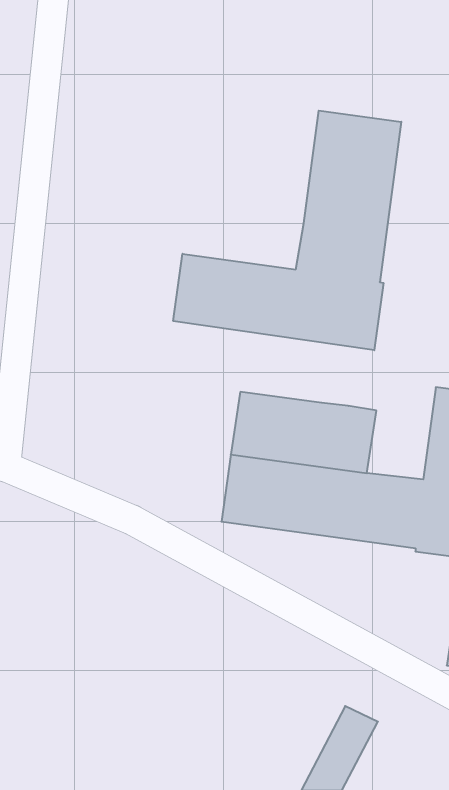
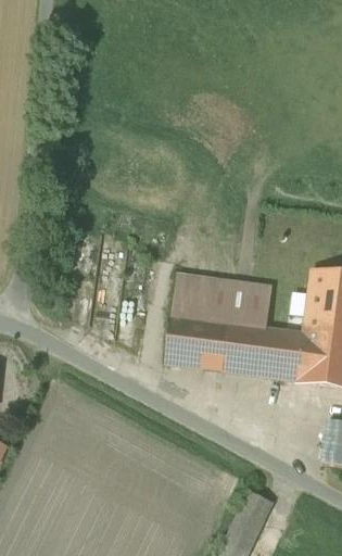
building: [173,111,401,350] -> none

